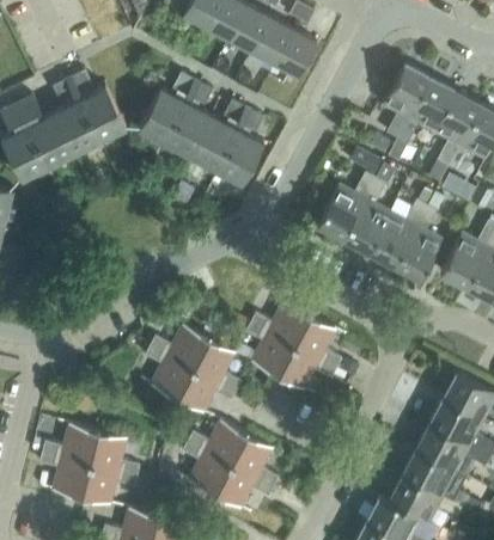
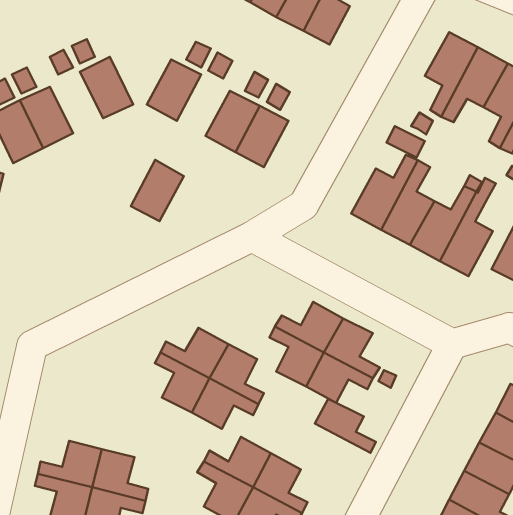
building: [53,100,99,154] -> none
building: [164,103,211,157] -> [131,160,184,221]
building: none -> [315,399,376,453]

